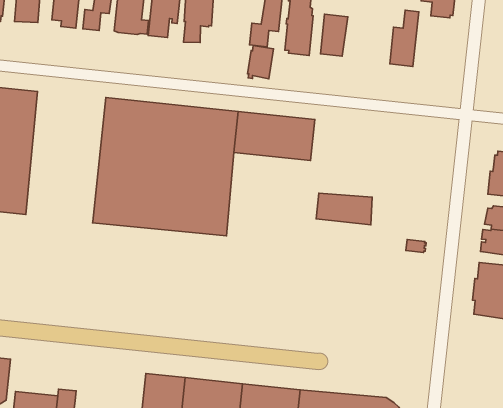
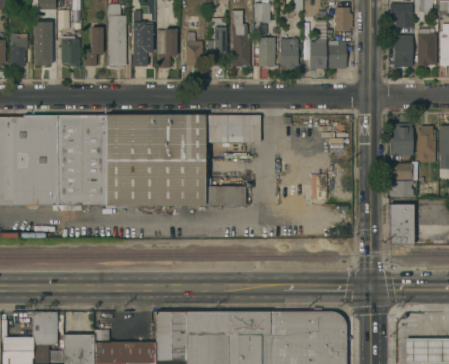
building: none -> [280,38,299,69]
building: none -> [329,41,346,69]
building: [247,45,273,79] -> [186,40,203,64]
building: none -> [57,114,107,205]
building: [316,193,372,225] -> [205,186,245,206]

